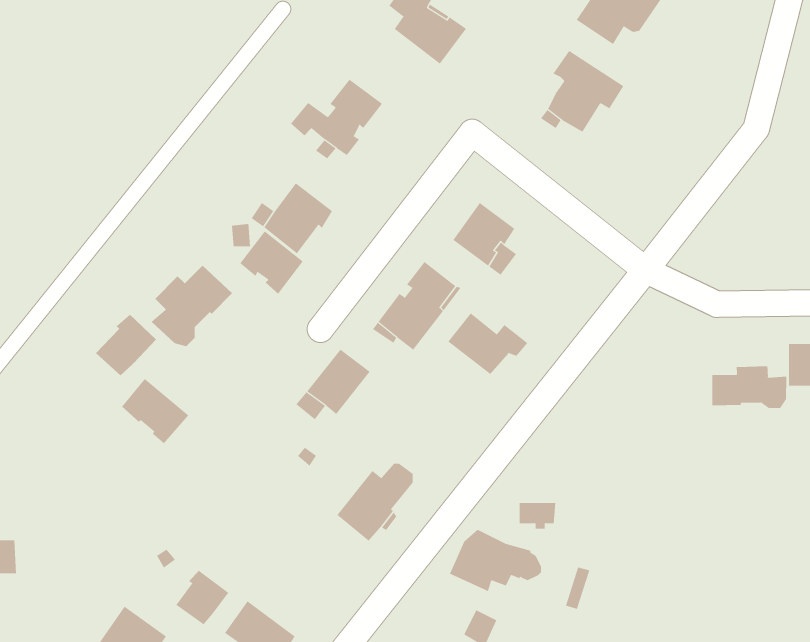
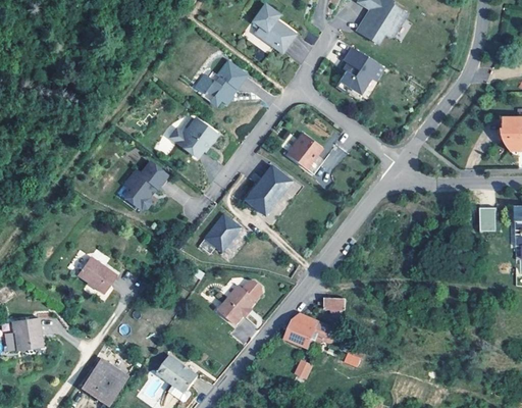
building: [240,230,304,294] -> none
building: [448,312,528,375] -> none
building: [95,314,157,376] -> none
building: [712,366,787,409] -> none
building: [121,378,189,444] -> [79,262,117,300]
building: [175,570,229,625] -> none

